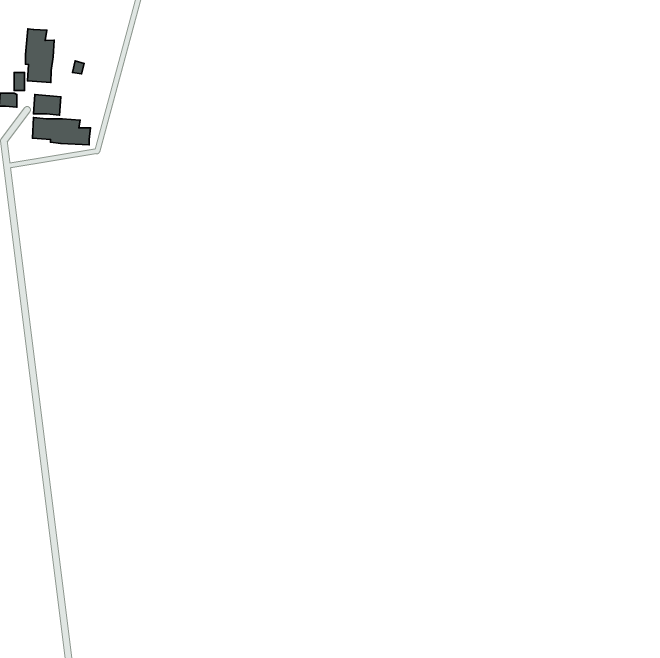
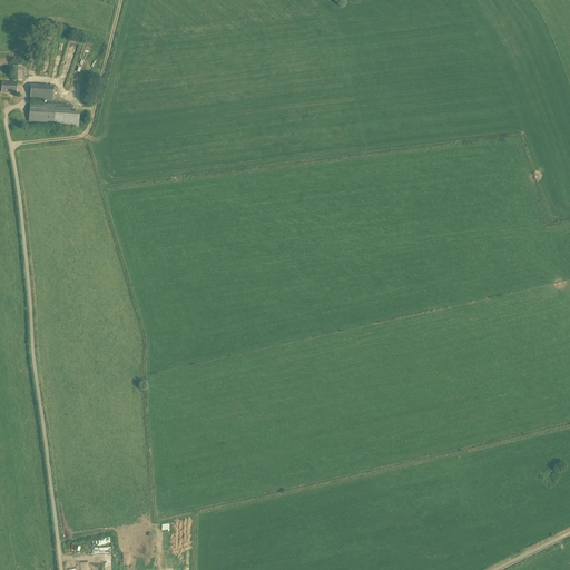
building: [25,29,54,82] -> none

